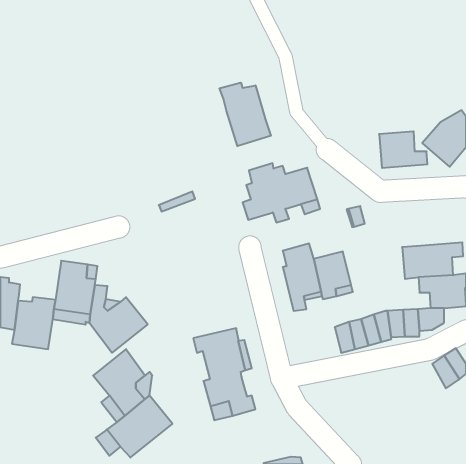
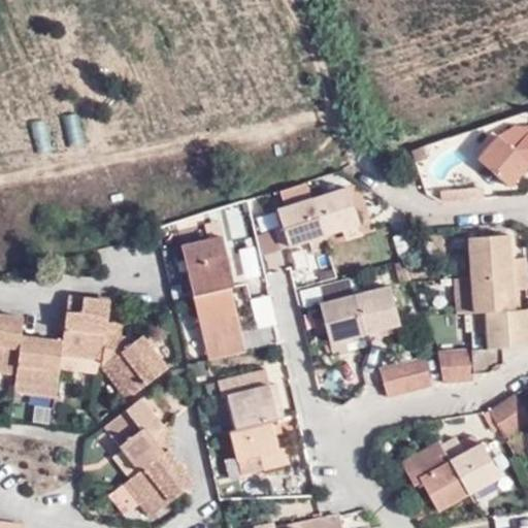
building: [220,83,271,146] -> none
building: [379,131,427,168] -> [468,237,523,278]
building: none -> [180,234,242,358]
building: none -> [402,436,499,510]

